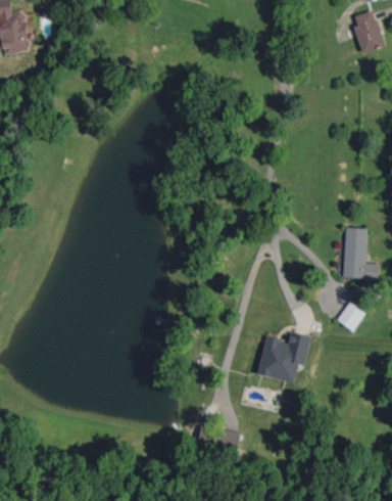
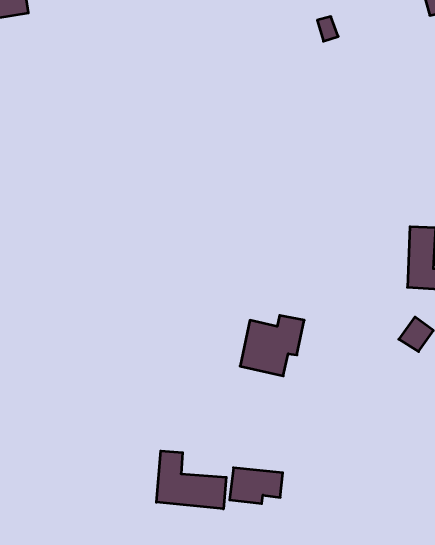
building: [257,332,310,382] -> [240,315,304,376]
building: none -> [156,451,226,509]

